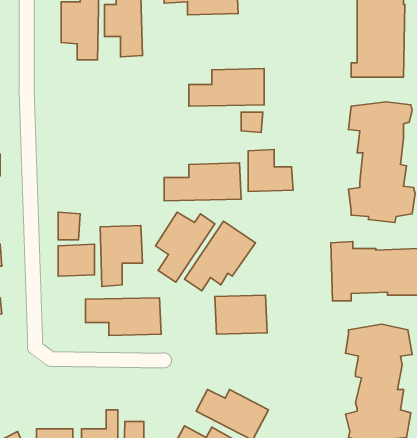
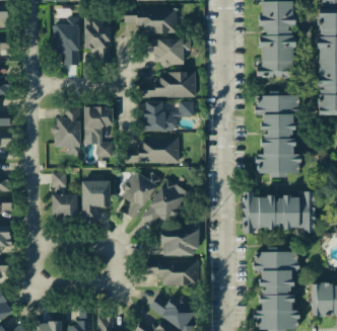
building: none -> [144,38,191,65]
building: none -> [84,106,114,157]
building: none -> [53,107,80,154]
building: [248,149,293,192] -> [144,101,176,131]
building: [86,298,161,336] -> [146,259,199,285]

